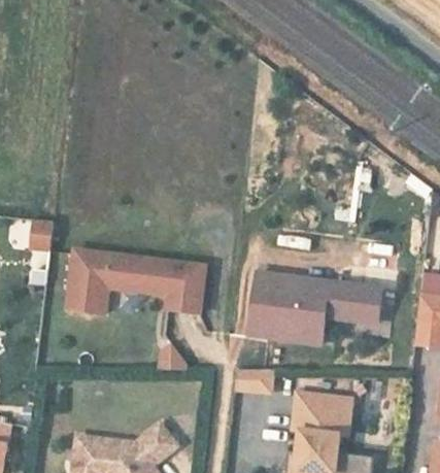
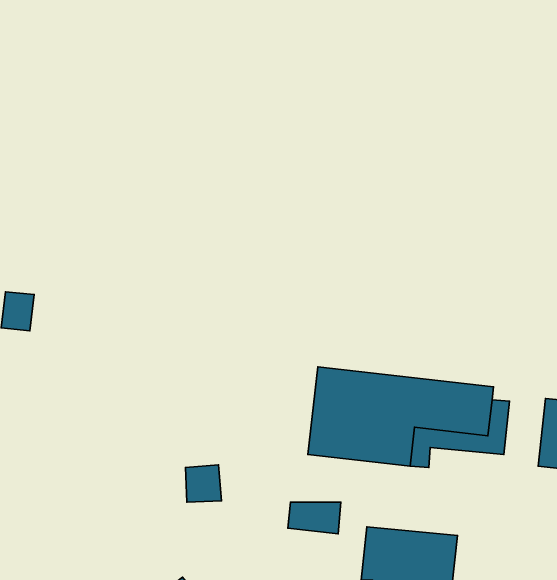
building: [68,249,205,313] -> none

